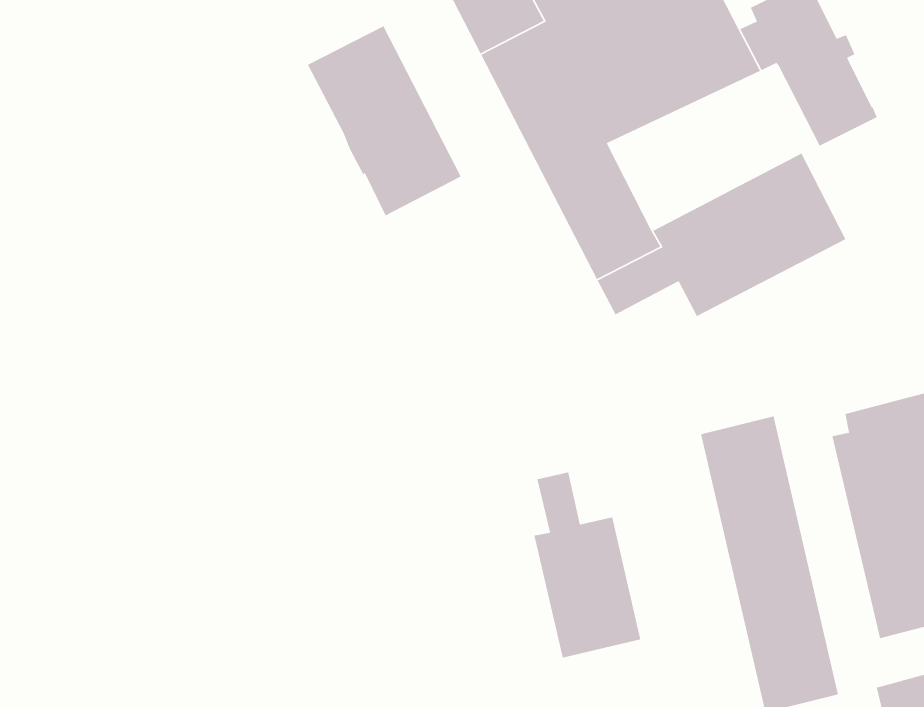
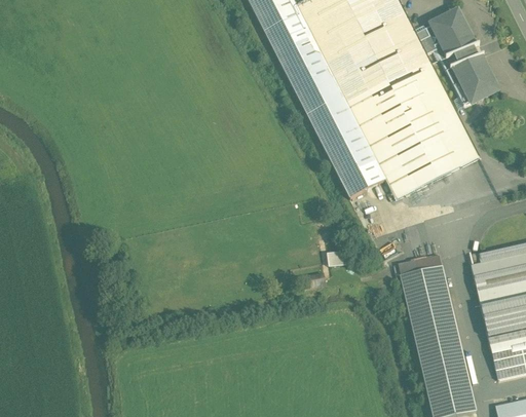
building: [307,25,462,216] -> none
building: none -> [346,63,454,151]
building: [534,472,641,659] -> none

